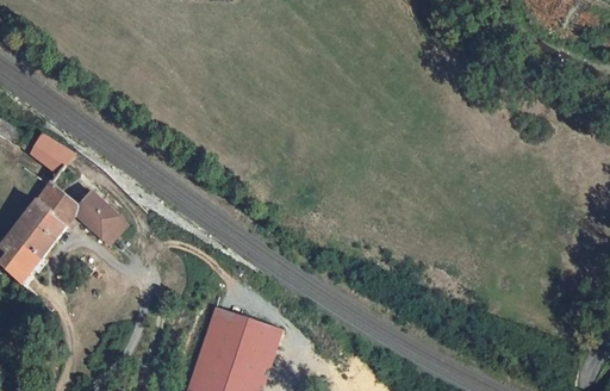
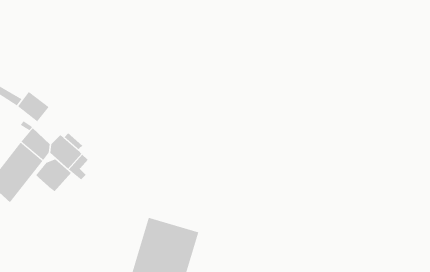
building: none -> [36,159,72,192]

